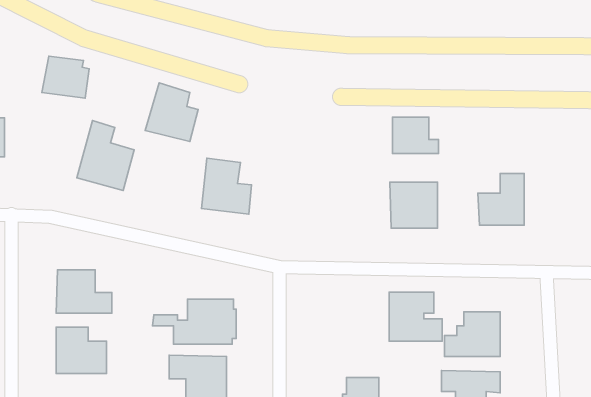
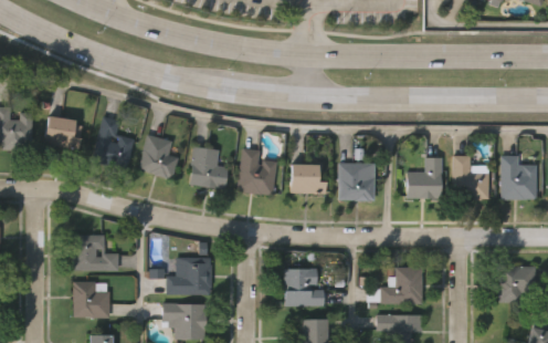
building: [42,56,89,98] -> [43,117,81,150]
building: [145,83,198,142] -> [136,133,178,179]
building: [392,117,439,154] -> [288,165,325,194]
building: none -> [236,147,277,197]
building: none -> [452,155,491,201]
building: [389,292,442,341] -> [284,268,326,306]

